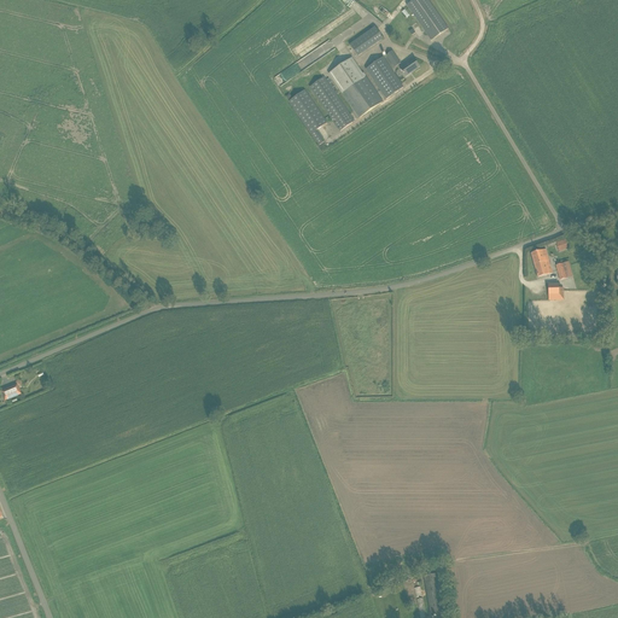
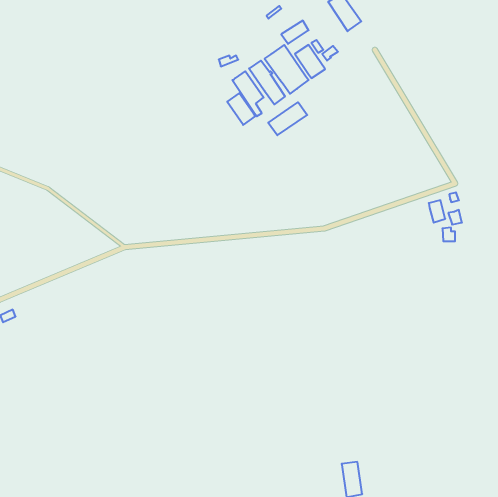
building: none -> [227,93,255,125]
building: none -> [268,102,307,135]

